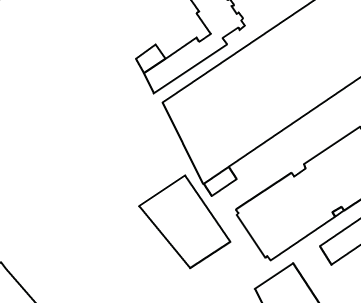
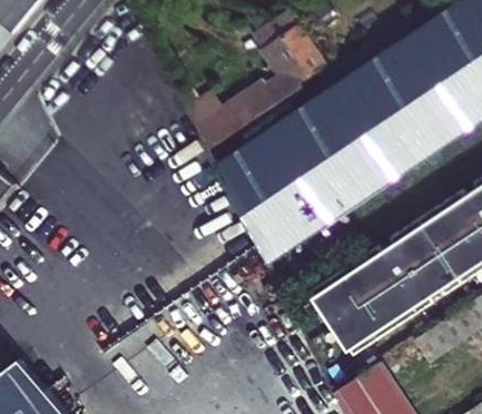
building: [139,175,230,268] -> none

